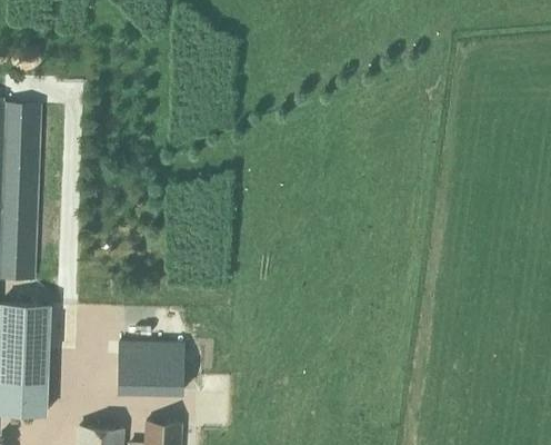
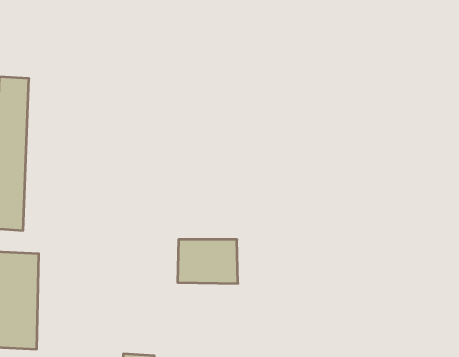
building: [118,345,187,395] -> [178,240,238,283]

